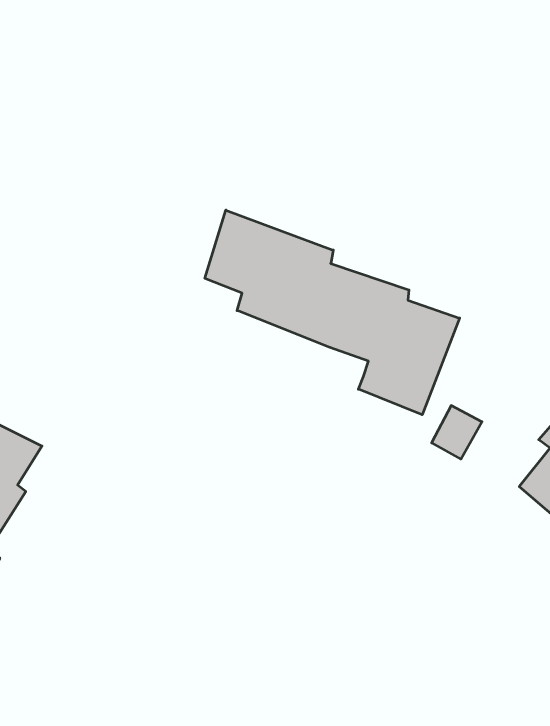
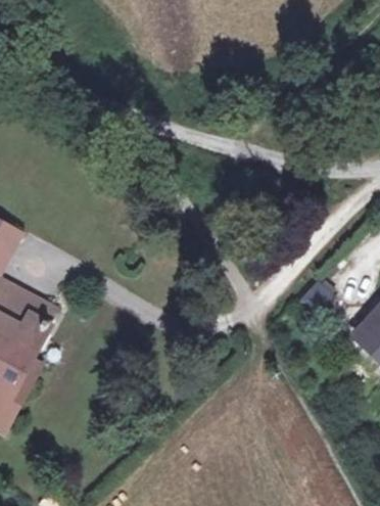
building: [205,210,460,415] -> none

